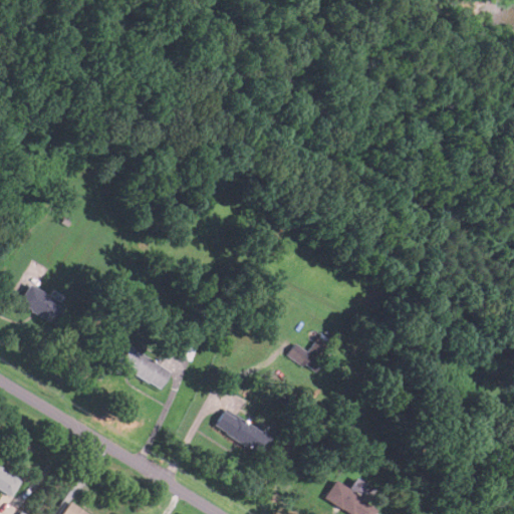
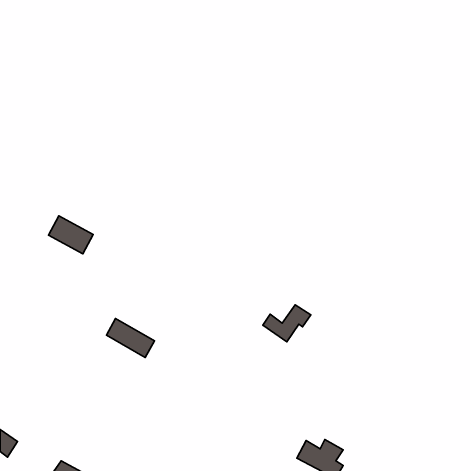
building: [18,284,66,325] -> [49,216,93,254]
building: [214,410,271,456] -> none

